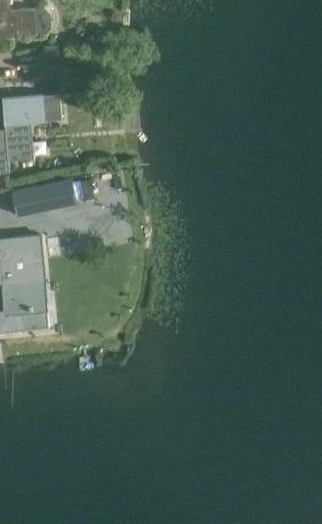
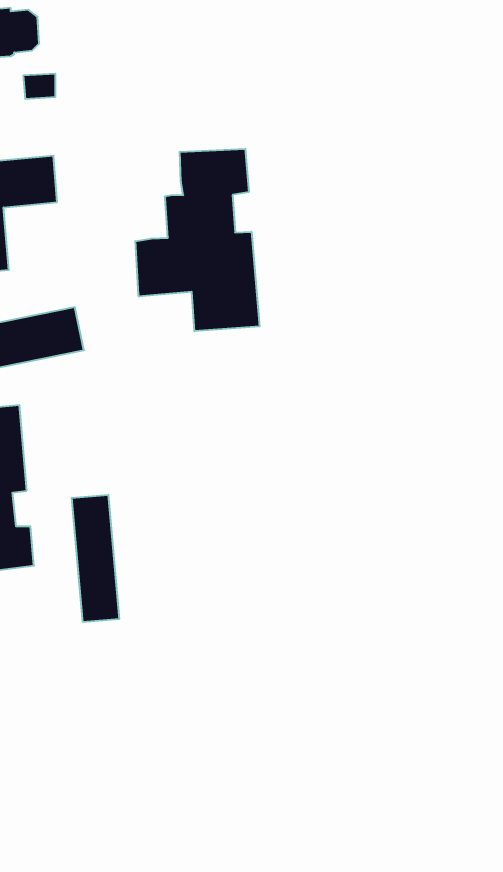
building: none -> [135,149,260,331]
building: none -> [72,495,119,622]

